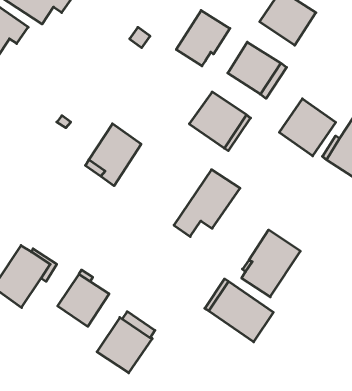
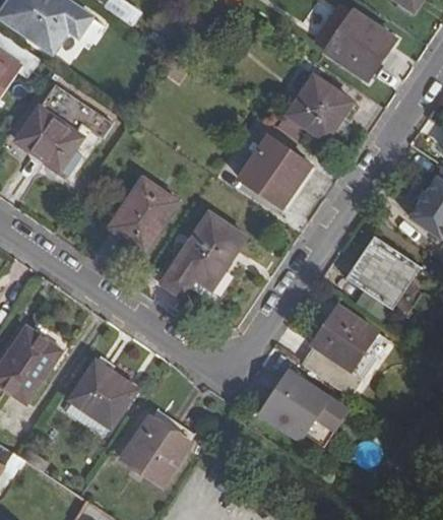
building: [176,10,230,66] -> none
building: none -> [13,87,109,178]
building: [279,99,336,156] -> [343,236,414,307]
building: [174,170,240,237] -> [163,212,245,296]

